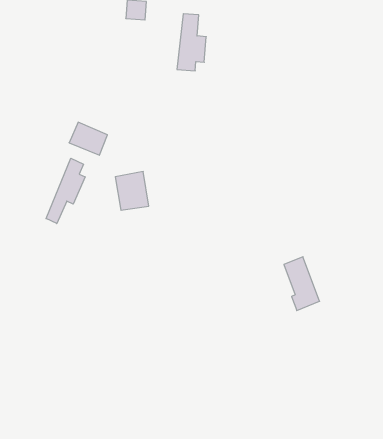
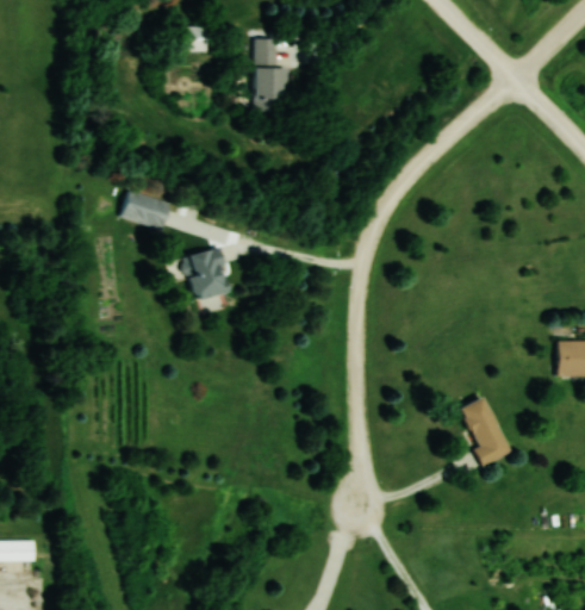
building: [46,158,85,224] -> none
building: [284,257,320,311] -> [460,397,510,467]

